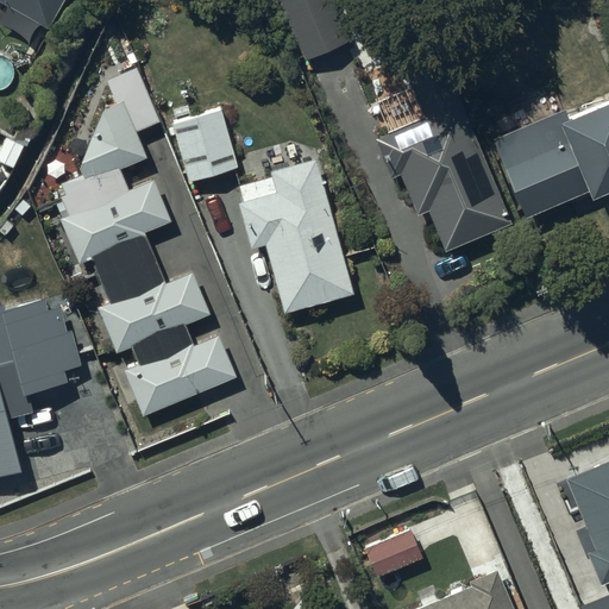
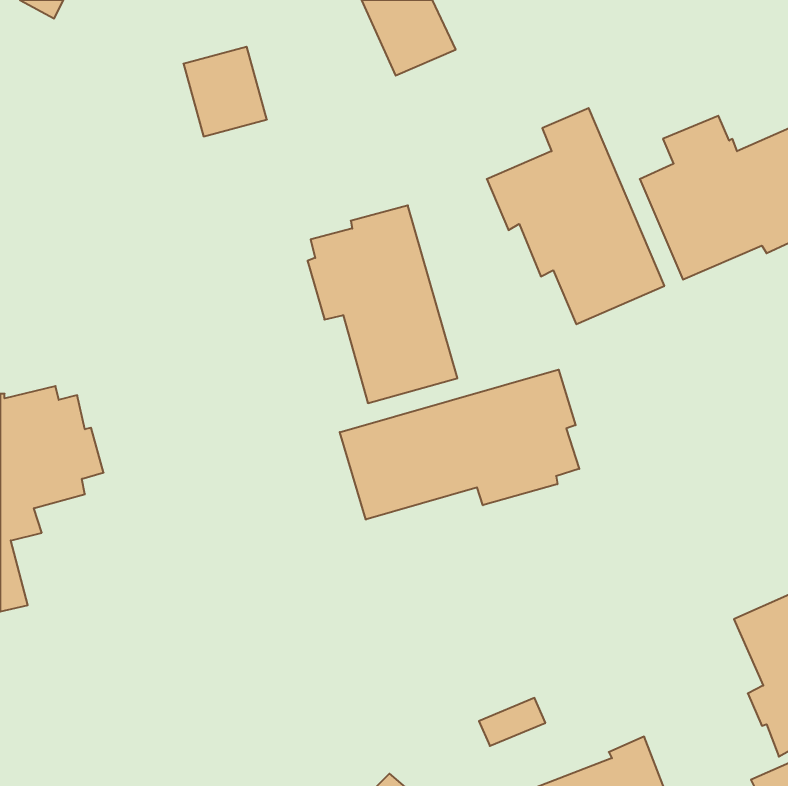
building: [61,69,236,417] -> none
building: [172,112,237,181] -> [183,47,267,136]
building: none -> [340,370,579,520]

